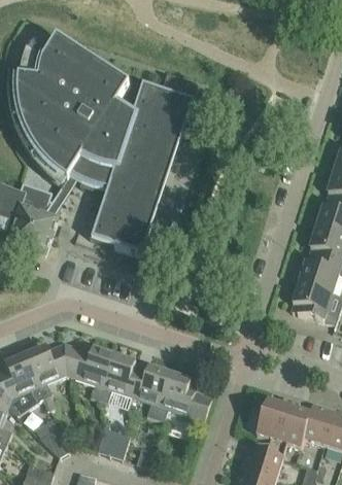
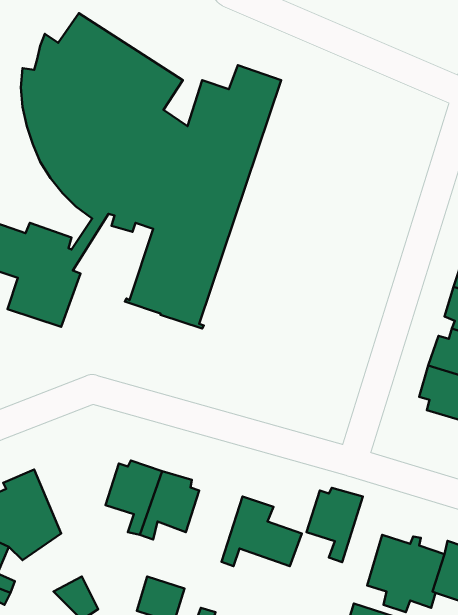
building: [26,341,84,408] -> none
building: [131,365,170,416] -> [306,488,363,562]

